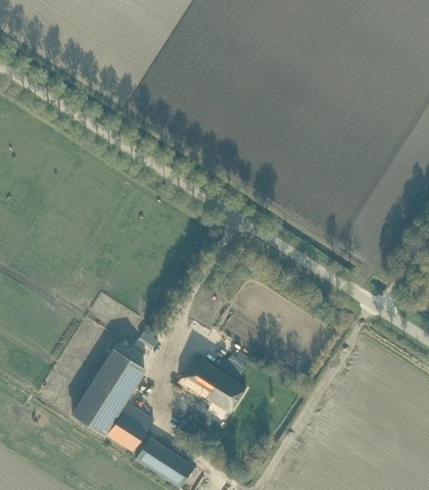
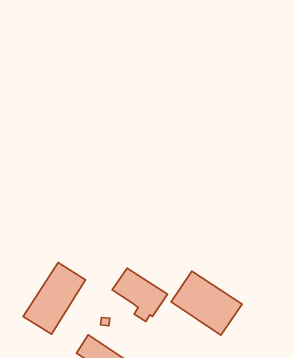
building: none -> [171,271,242,335]
building: [106,403,153,452] -> none

